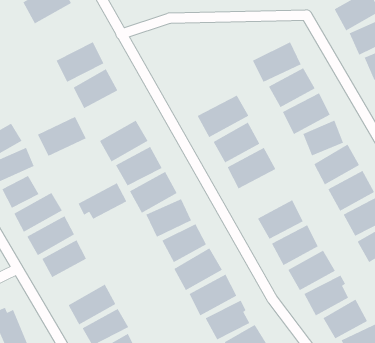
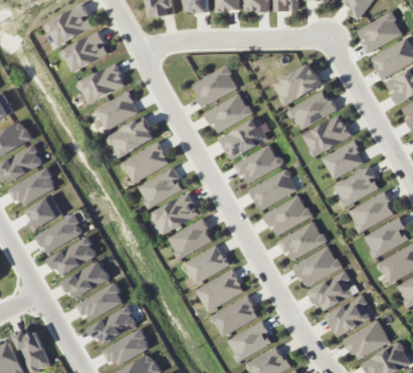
building: none -> [60,31,109,73]
building: none -> [190,65,237,106]
building: none -> [203,93,250,132]
building: [37,116,87,157] -> [106,117,155,157]
building: none -> [263,195,311,236]
building: [78,182,127,220] -> [74,283,124,320]

